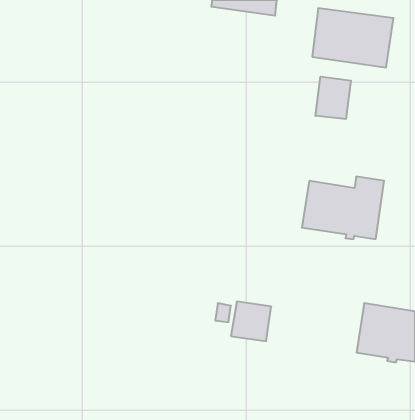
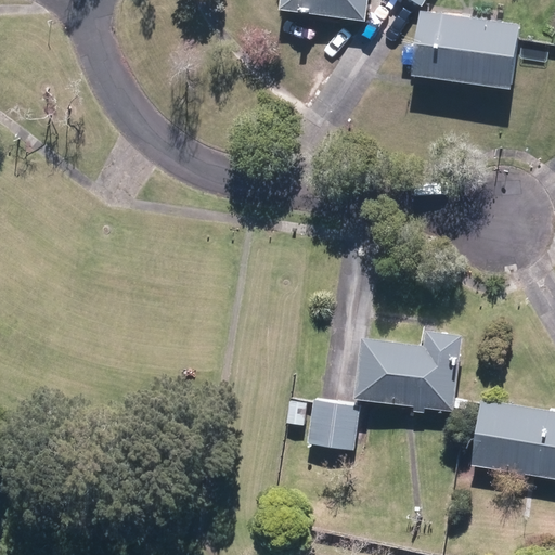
building: [315,77,351,119] -> none
building: [302,177,384,239] -> [354,331,463,413]

